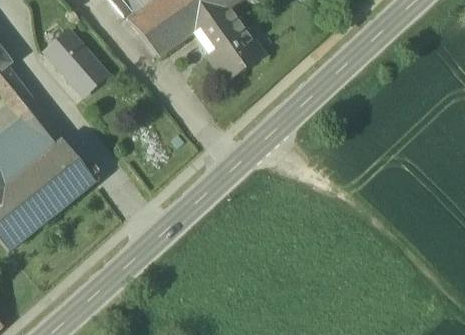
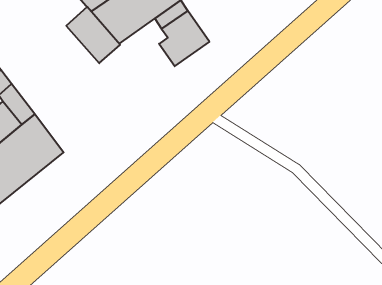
building: [44,29,106,94] -> [66,7,120,63]

